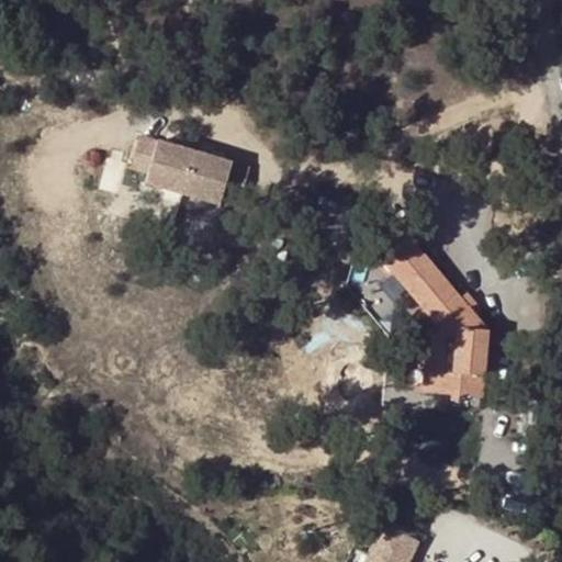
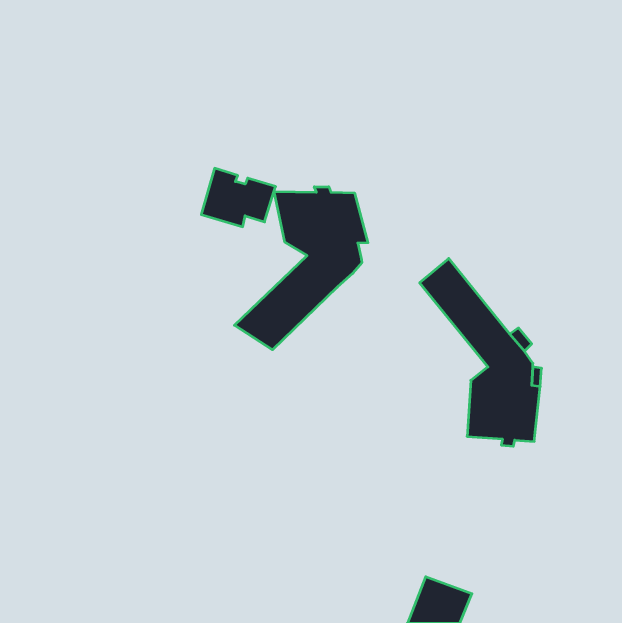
building: [130,135,194,193] -> none
building: none -> [234,187,368,350]

